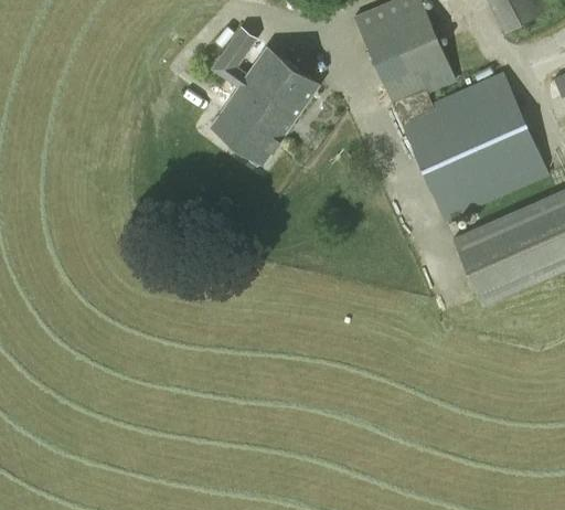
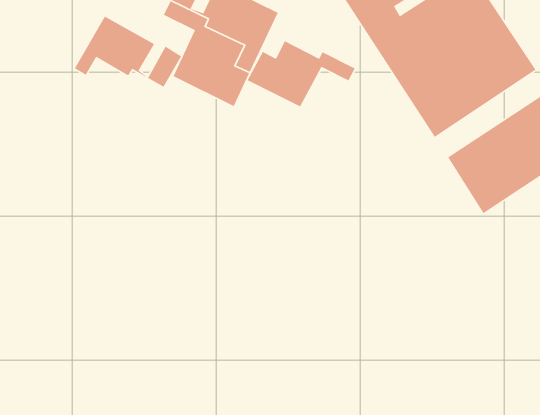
building: none -> [74,15,182,88]
building: none -> [247,40,356,107]

